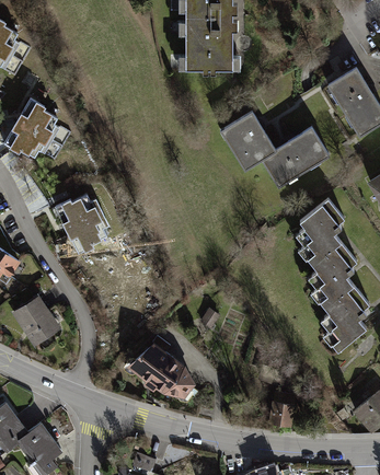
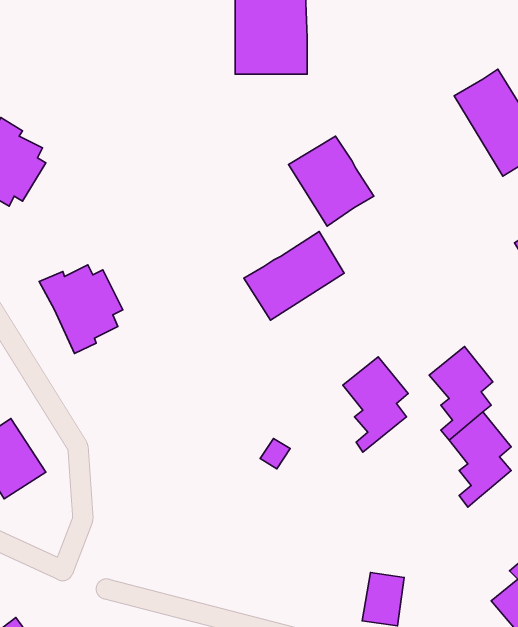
building: [263,126,329,184] -> [244,231,344,320]
building: [299,204,342,266] -> [343,357,408,452]
building: [126,344,195,401] -> none

